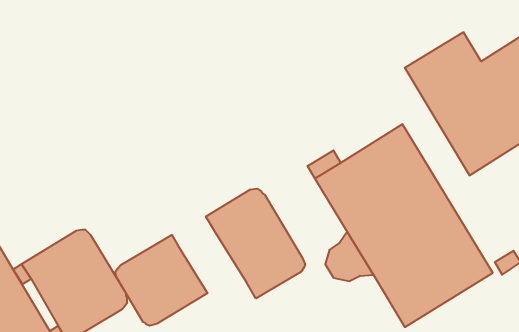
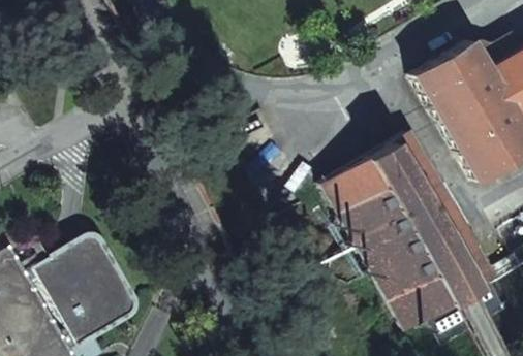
building: [206,189,305,298] -> none
building: [115,235,207,326] -> none

